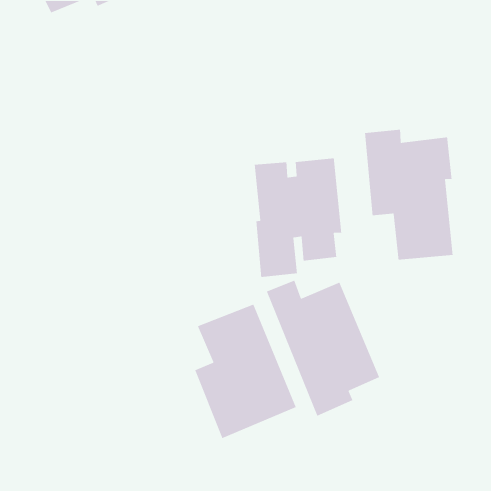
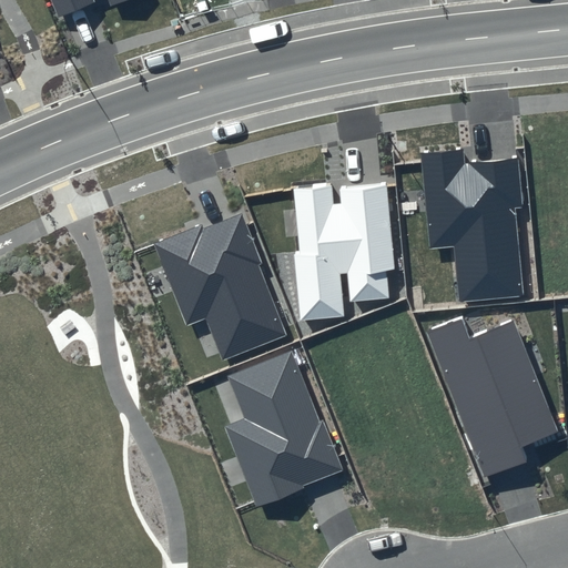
building: none -> [153,214,290,359]
building: [266,280,380,417] -> [427,318,559,477]

